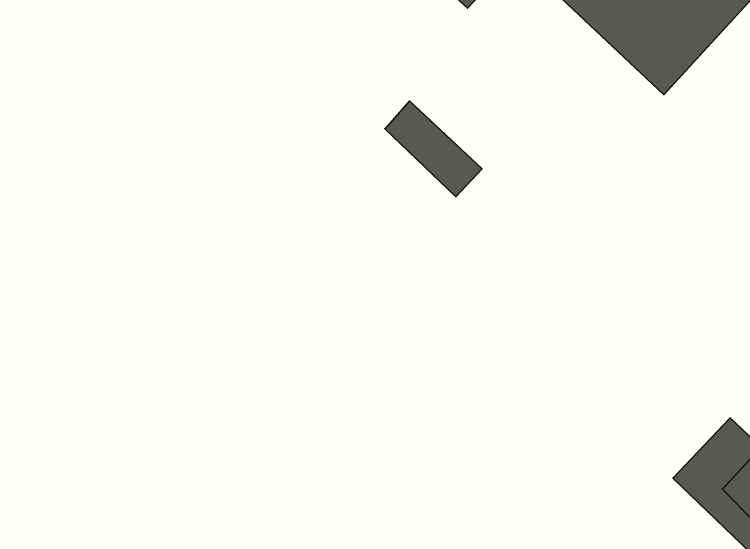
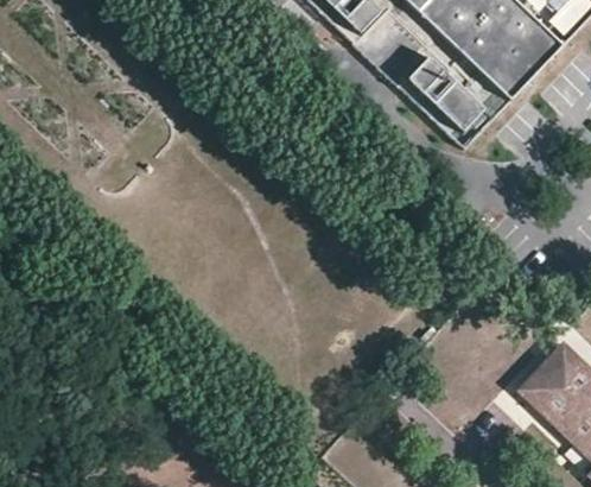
building: [385,101,482,197] -> [407,53,482,127]

